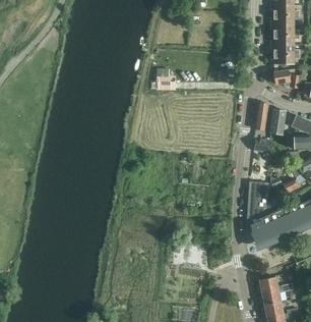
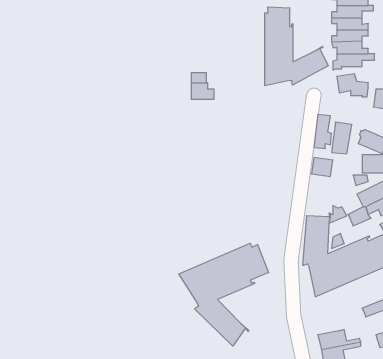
building: none -> [265,7,328,86]
building: none -> [179,243,269,346]

